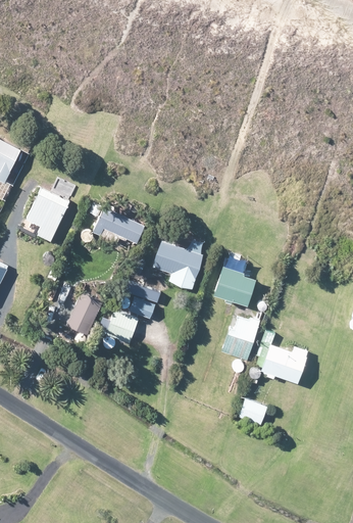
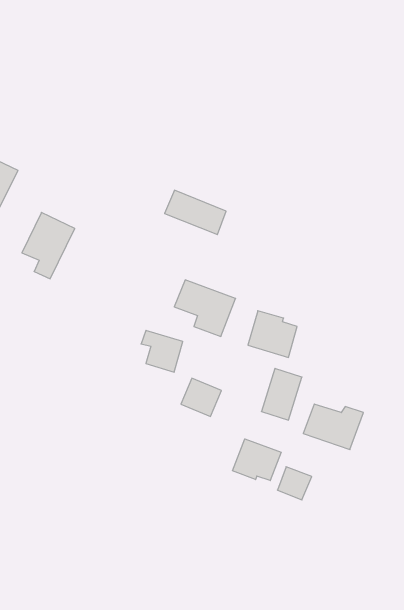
building: [96,206,147,243] -> [165,190,226,235]
building: [66,293,102,334] -> none
building: [105,312,139,343] -> [181,378,221,416]
building: none -> [233,439,281,481]

